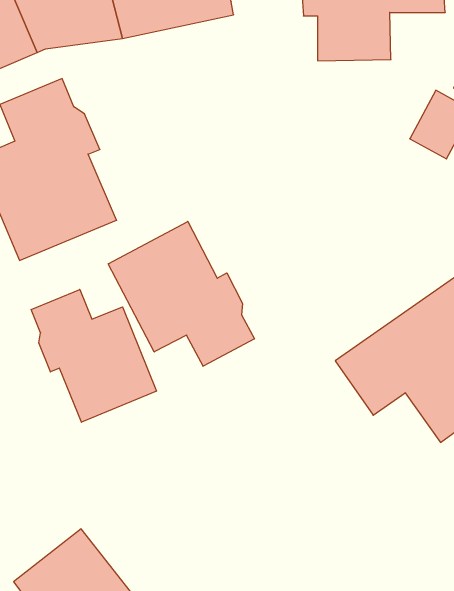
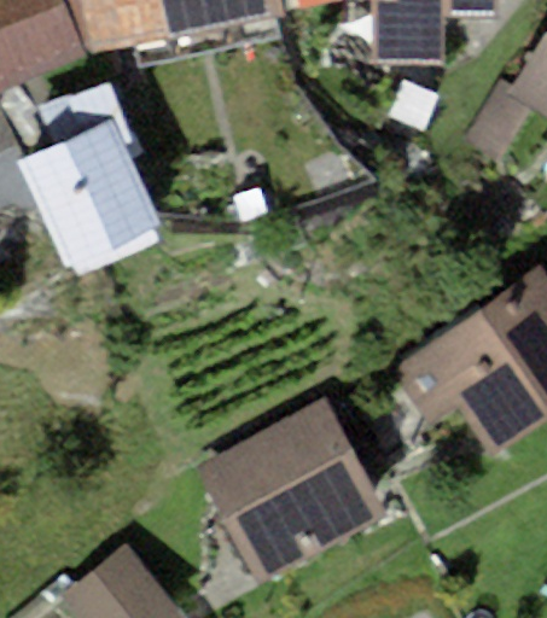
building: [108,221,254,366] -> none
building: [31,289,157,422] -> none
building: none -> [197,397,389,581]

